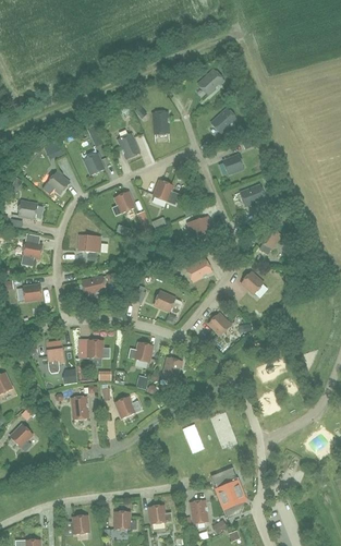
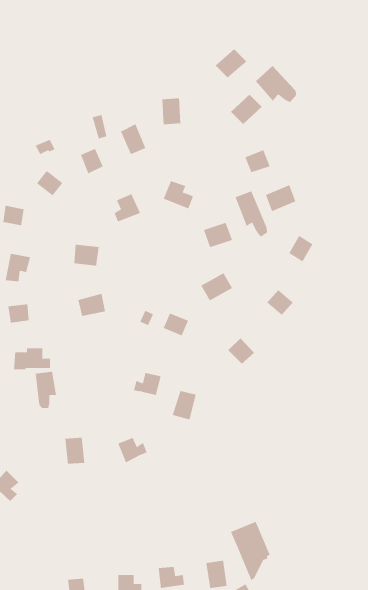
building: none -> [255,65,297,103]
building: none -> [235,190,267,237]
building: [77,339,109,357] -> [13,348,51,370]

